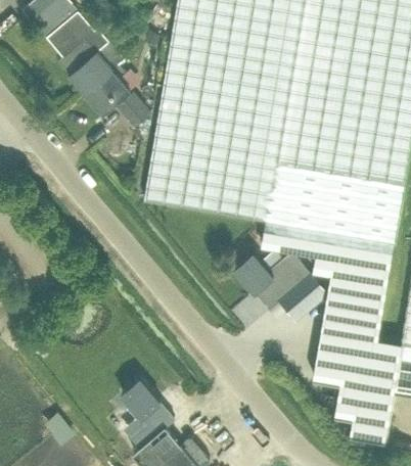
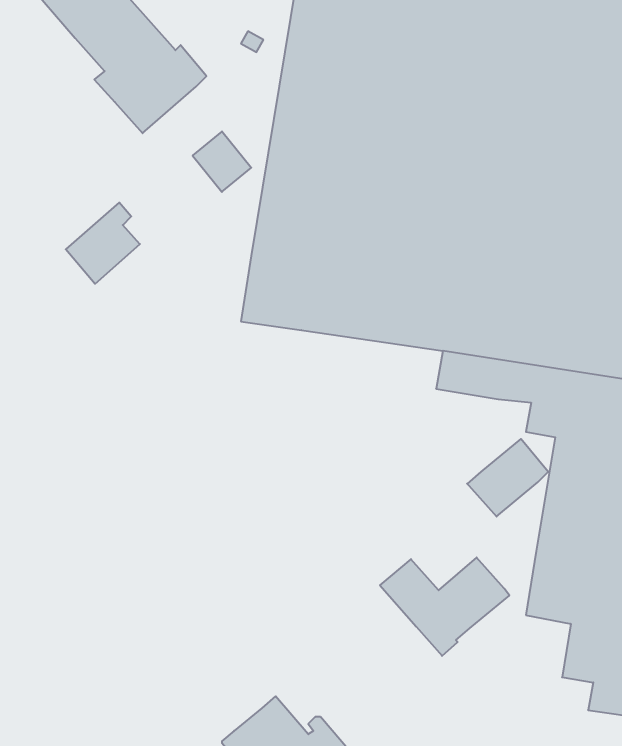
building: [87,63,131,111] -> [66,203,140,284]
building: [234,249,311,308] -> [380,557,509,656]
building: [123,376,175,445] -> none

